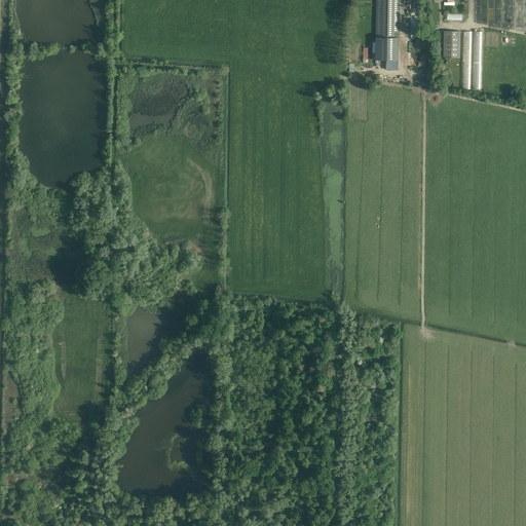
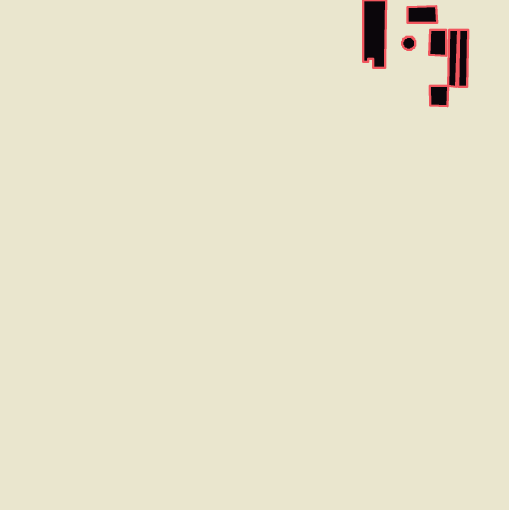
building: none -> [408,6,437,23]
building: none -> [430,86,448,106]

